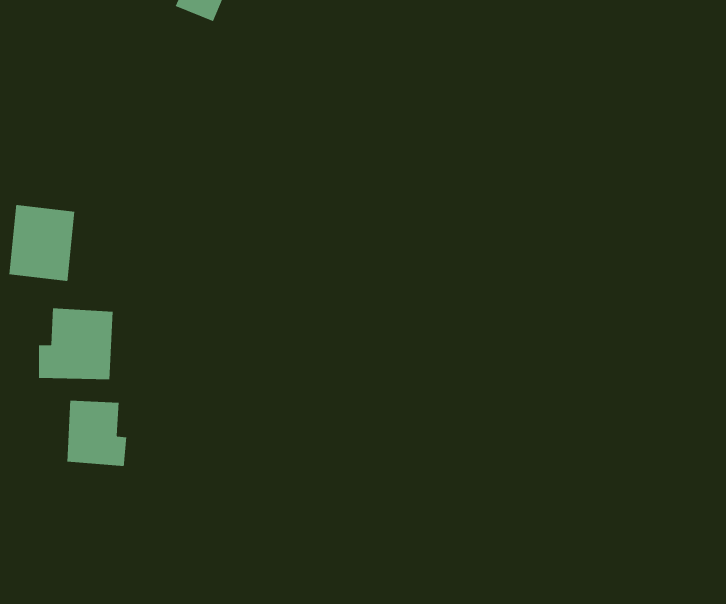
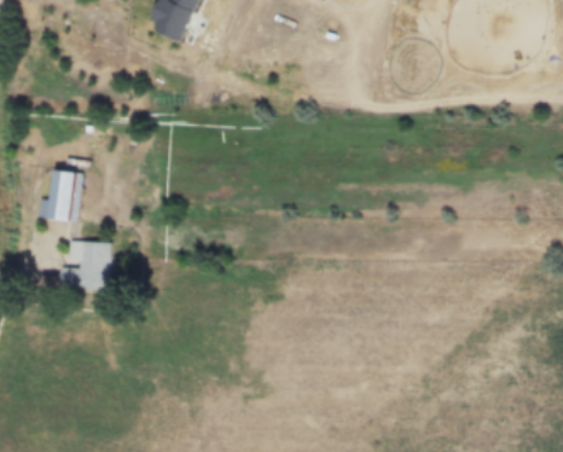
building: [67,400,127,467] -> none

